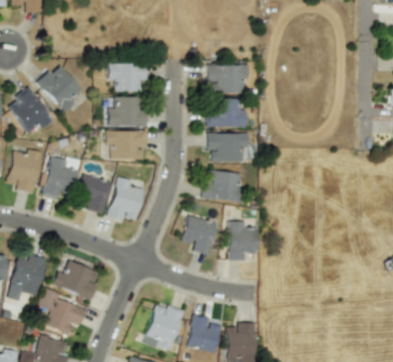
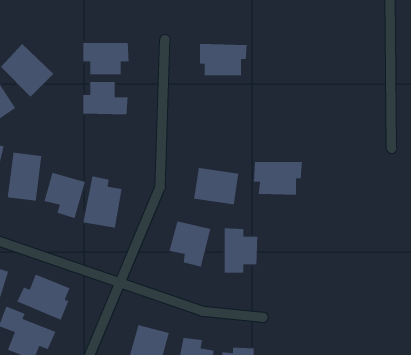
building: [208,98,246,127] -> none
building: [106,129,146,159] -> none
building: [207,132,249,161] -> [253,161,303,196]

